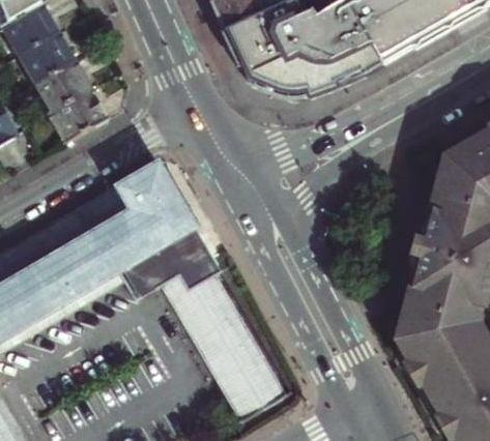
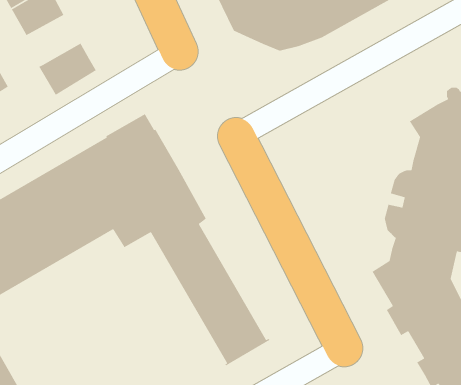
building: [35,59,91,110] -> none

